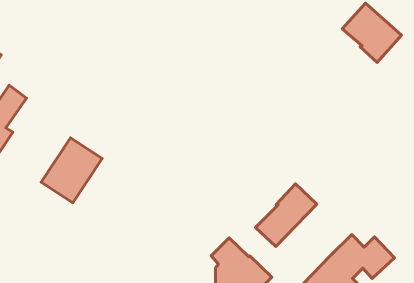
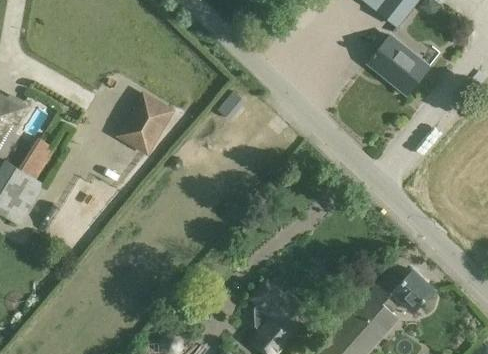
building: [41,138,102,203] -> [115,91,175,156]
building: [255,184,317,246] -> none

